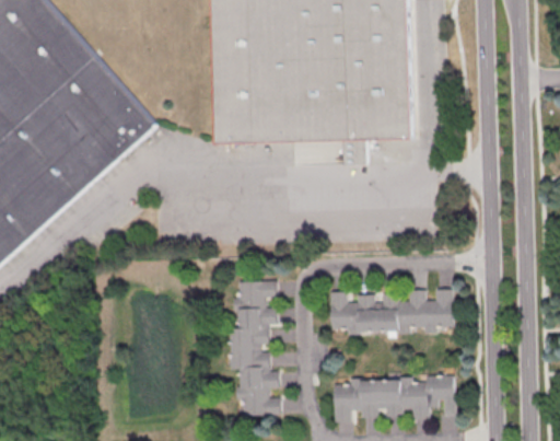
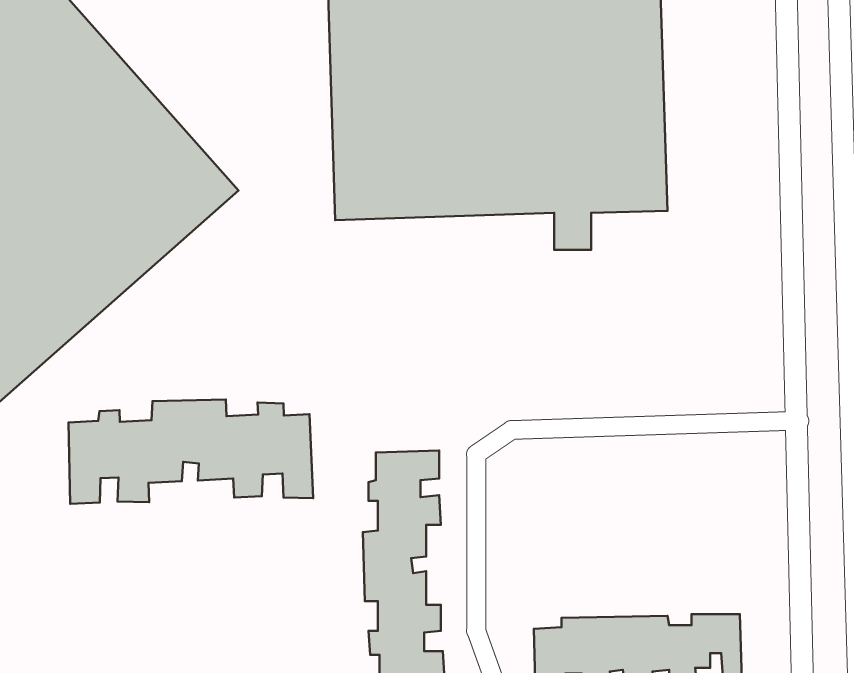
building: none -> [68,400,313,504]
building: [328,289,452,334] -> none

